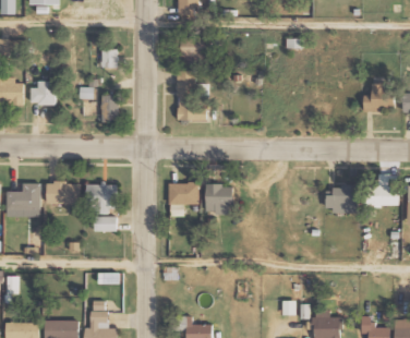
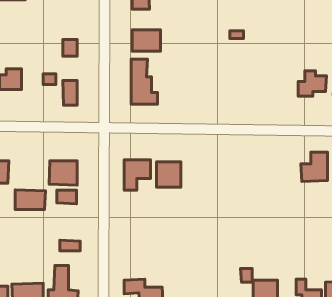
building: [46,182,80,204] -> [15,190,45,210]
building: [325,186,357,213] -> none

